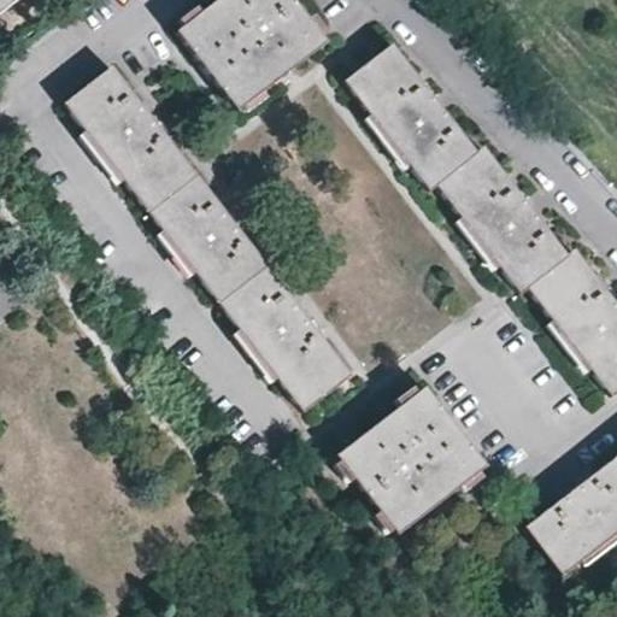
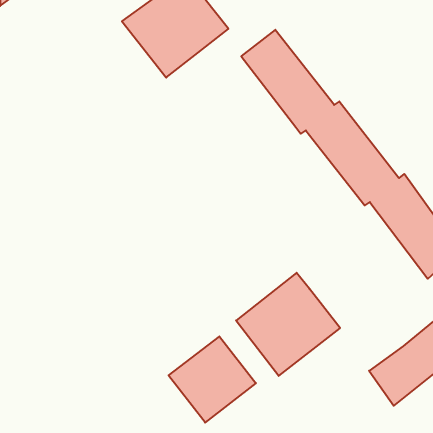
building: [66,66,349,410] -> none
building: none -> [169,336,256,423]

